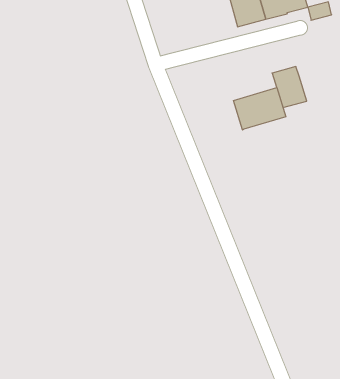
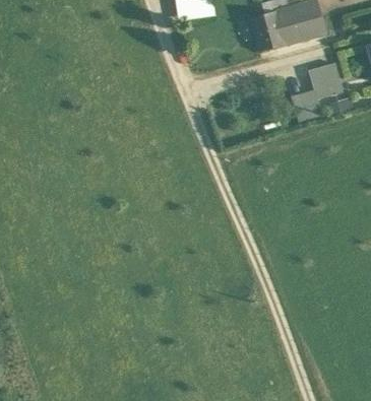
building: none -> [310,63,344,97]
building: [234,88,286,130] -> none

